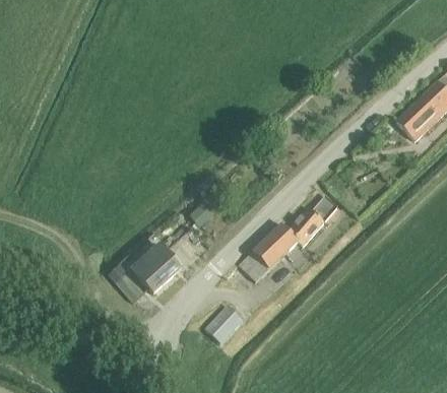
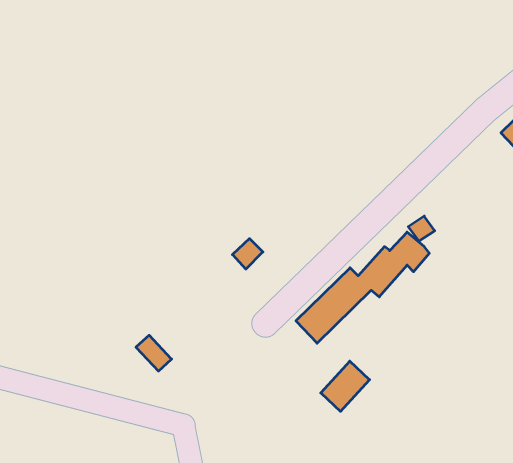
building: [132,244,182,293] -> none
building: [206,305,244,343] -> [321,361,370,411]

